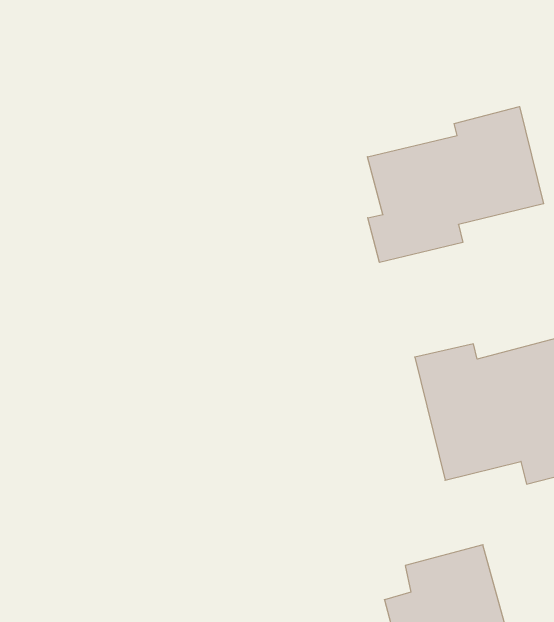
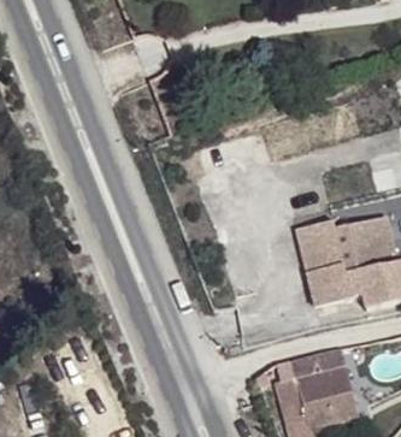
building: [367,107,544,262] -> none

